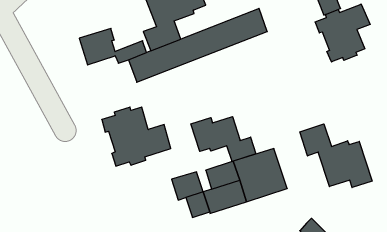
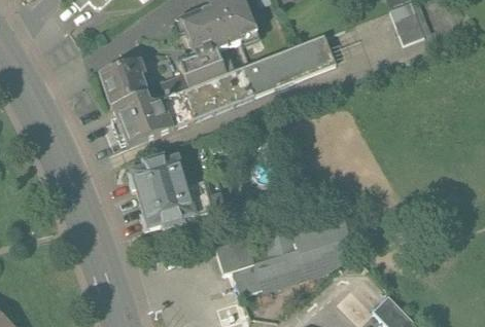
building: [315,4,370,62] -> none
building: none -> [111,94,172,145]
building: [191,117,256,161] -> none
building: [300,124,372,188] -> none

